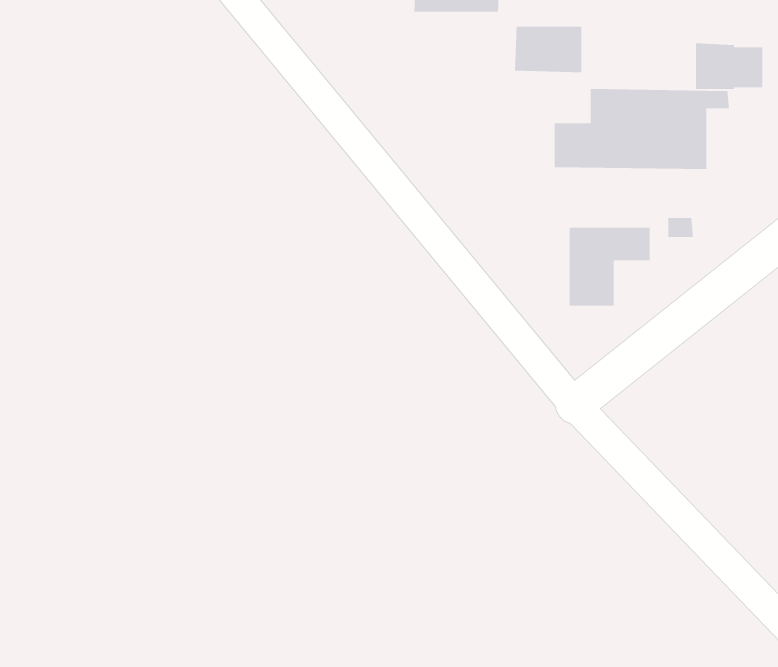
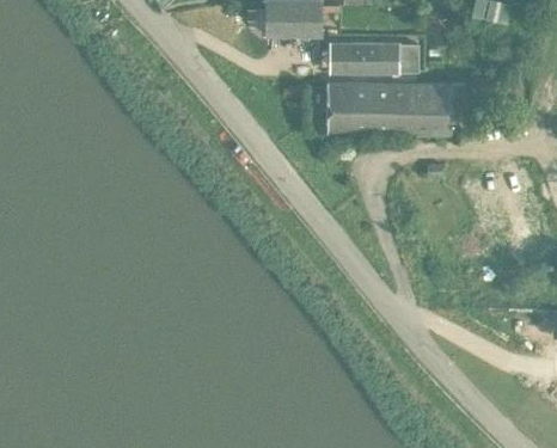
building: [695,43,763,90] -> [374,42,417,72]
building: [569,227,650,307] -> [328,81,379,131]

